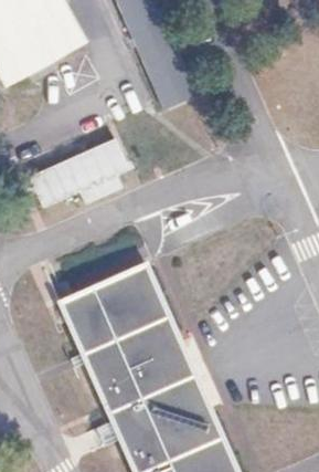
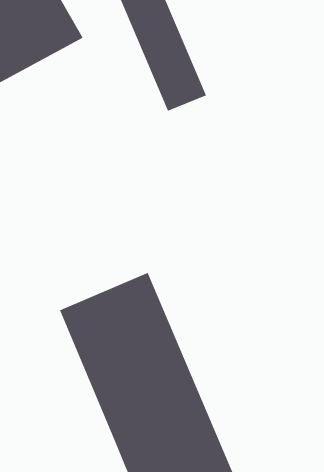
building: [29,137,131,208] -> none

